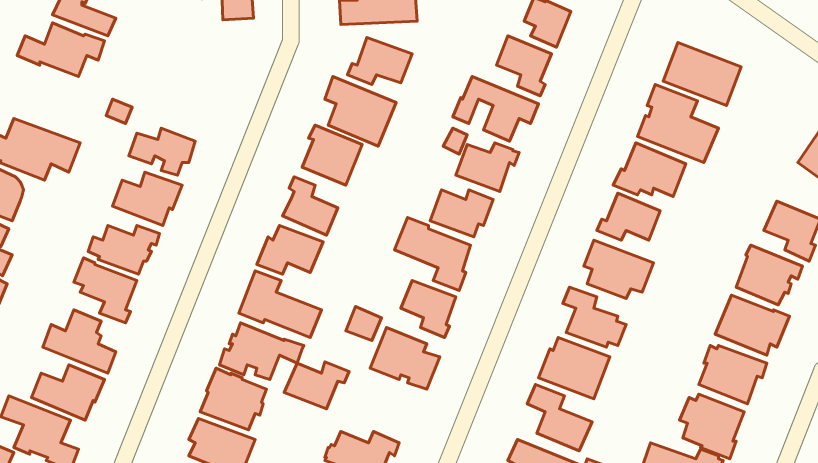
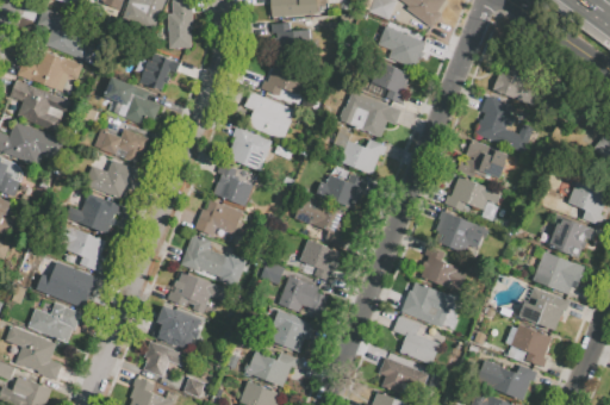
building: none -> [138,54,179,91]
building: none -> [104,77,160,126]
building: none -> [10,80,70,132]
building: [284,362,349,409] -> [267,318,315,353]

